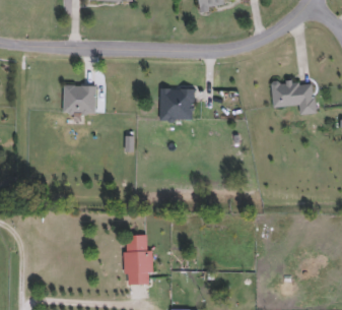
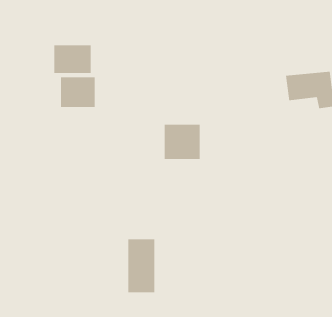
building: none -> [54,44,91,74]
building: [159,88,193,121] -> [164,124,200,159]

